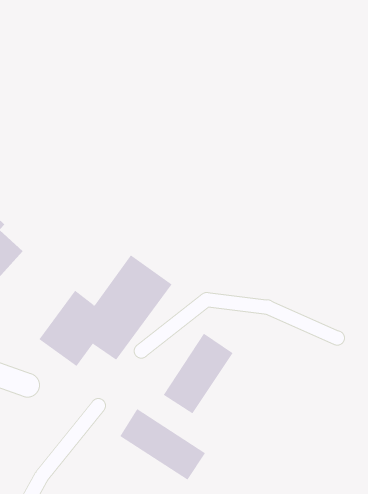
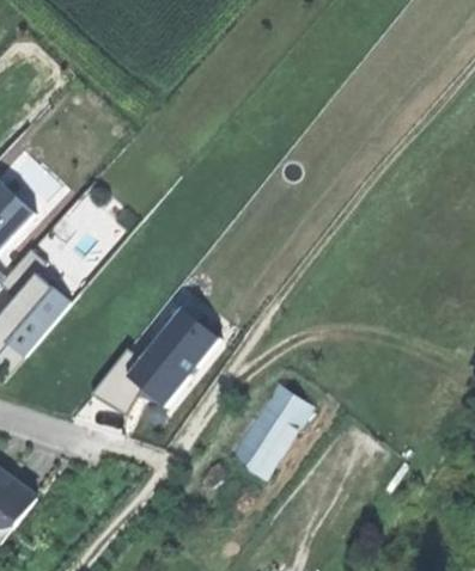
building: [119,408,206,480] -> none

